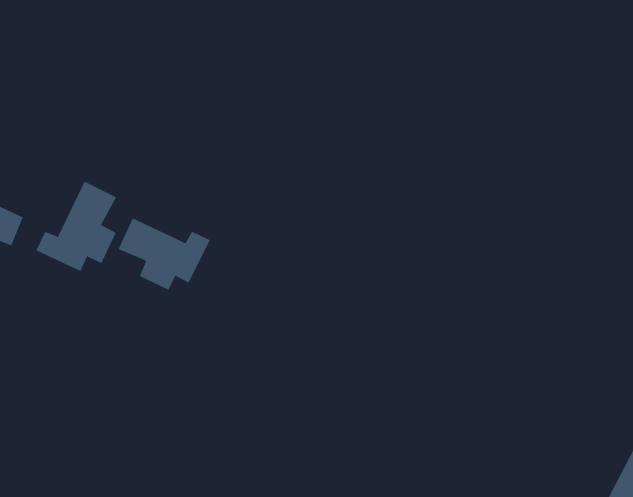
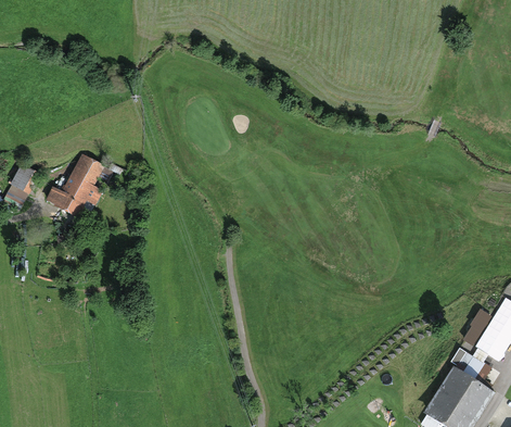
building: [118,218,210,290] -> none

